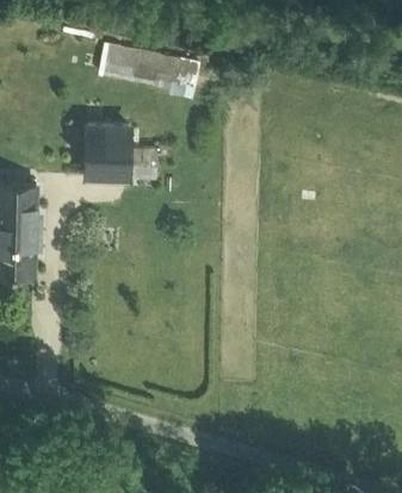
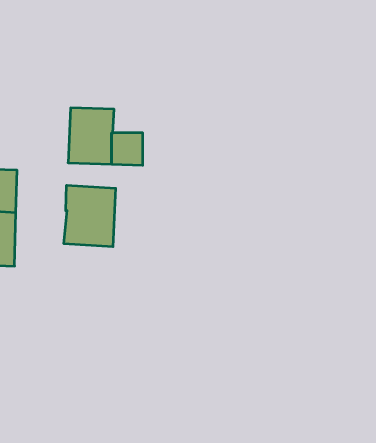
building: [103,43,198,86] -> none
building: none -> [64,185,116,247]

